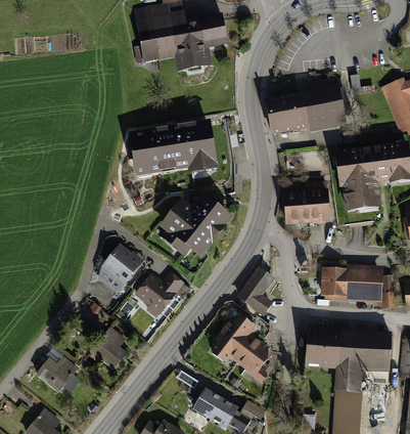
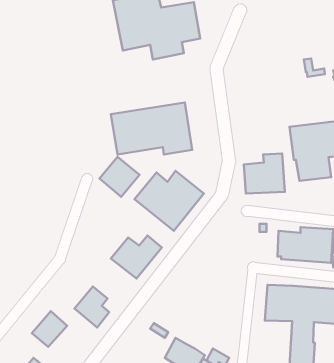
building: [263,75,350,134] -> none
building: [102,244,147,289] -> [99,157,139,197]
building: [235,265,274,315] -> none
building: [211,316,270,380] -> none

